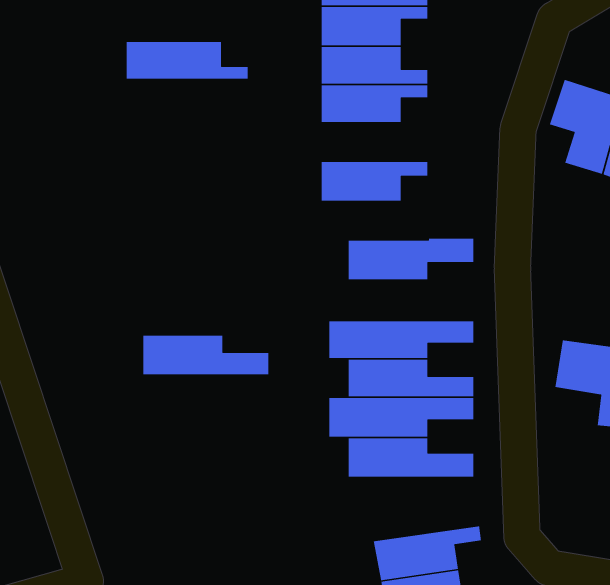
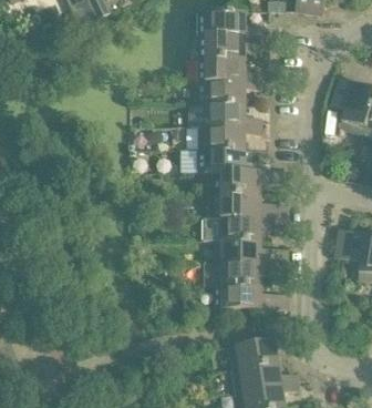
building: [126,41,249,80] -> [189,103,260,125]
building: none -> [198,149,260,172]
building: [143,335,269,375] -> [214,194,287,217]

